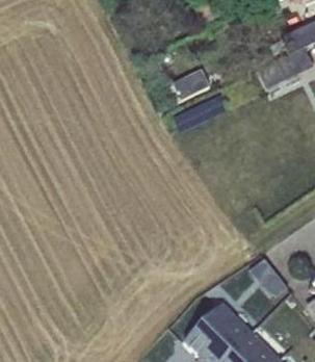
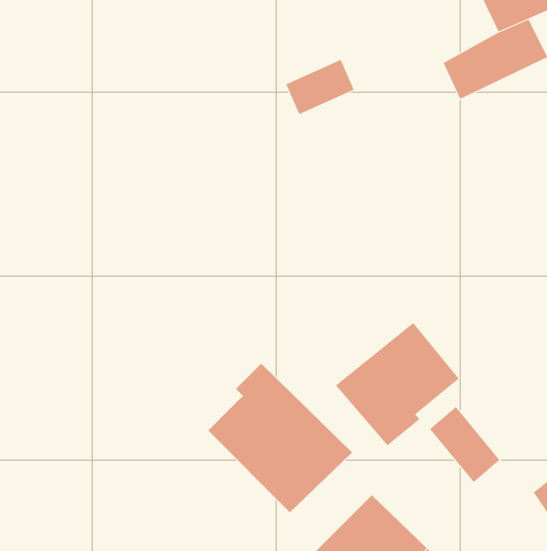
building: none -> [335,322,459,446]
building: none -> [208,363,353,513]

